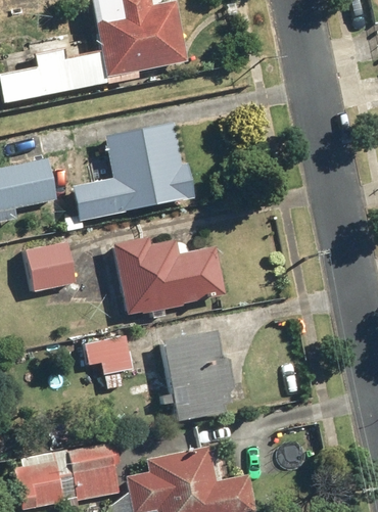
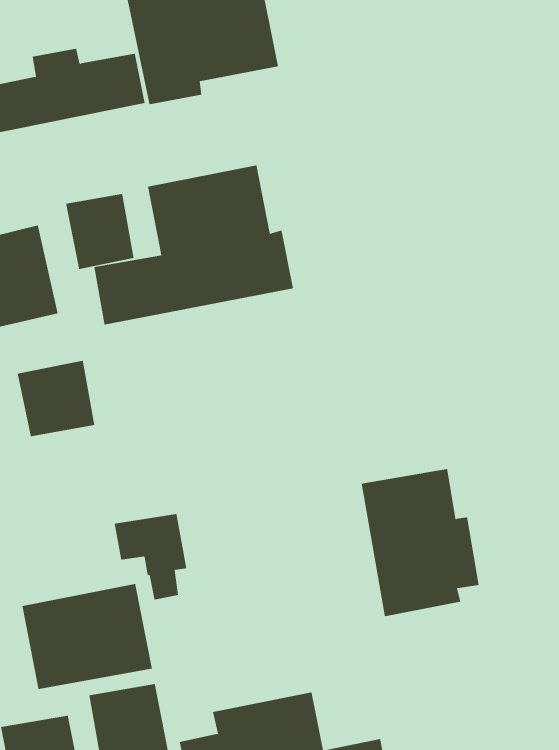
building: none -> [65,193,134,270]
building: [113,236,226,315] -> none
building: [162,330,235,421] -> [361,468,479,617]
building: none -> [22,583,153,690]

